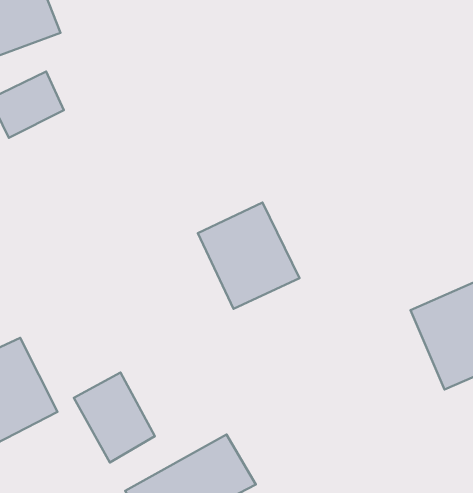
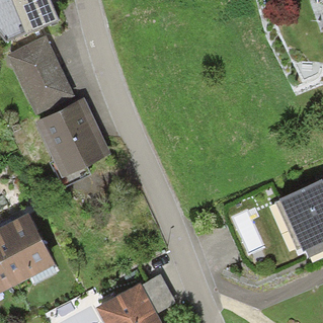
building: none -> [23,71,73,116]
building: [198,202,299,309] -> [41,109,104,176]
building: [74,372,155,463] -> none

